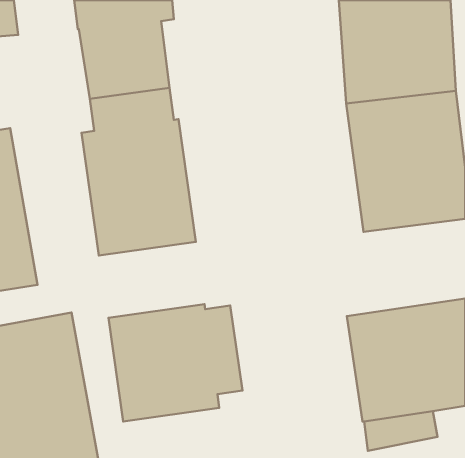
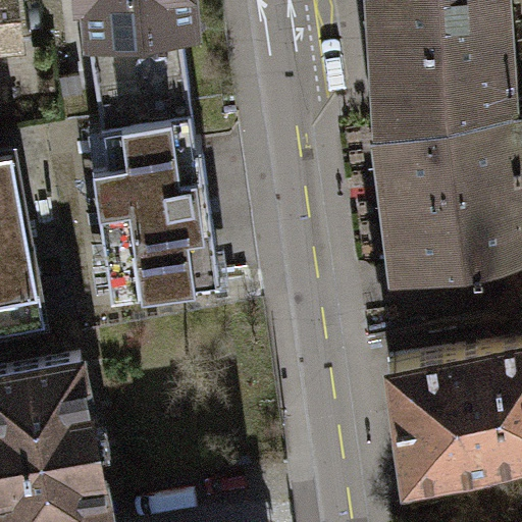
building: [108,304,242,421] -> none

